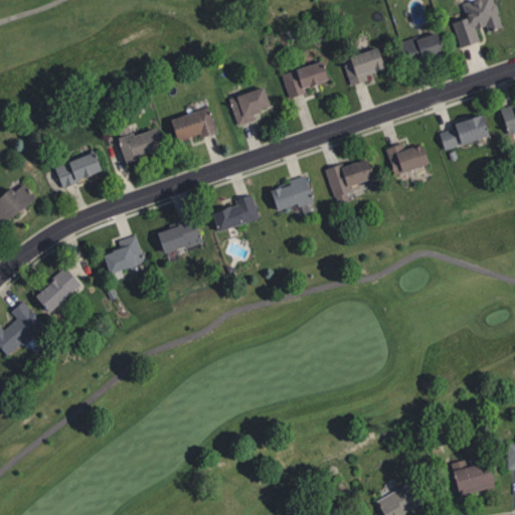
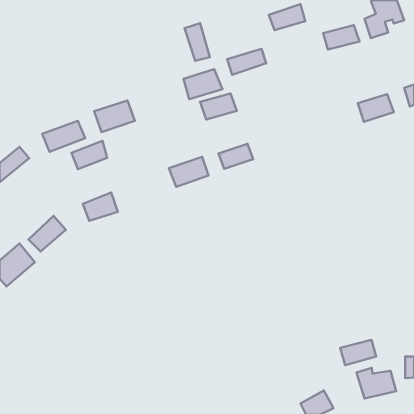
building: none -> [185,23,210,61]
building: [341,47,386,79] -> [269,4,305,30]
building: [172,110,217,142] -> [200,94,237,120]
building: [385,143,430,174] -> none
building: [325,157,373,192] -> none
building: [156,218,200,253] -> [71,141,107,169]
building: none -> [340,340,376,365]

